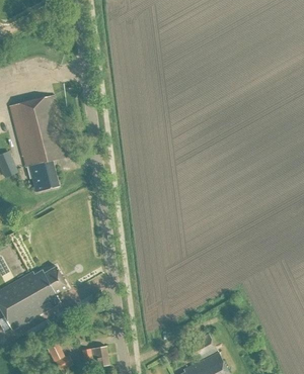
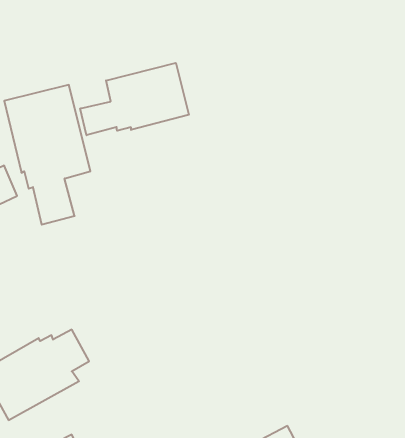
building: none -> [80,63,189,135]

